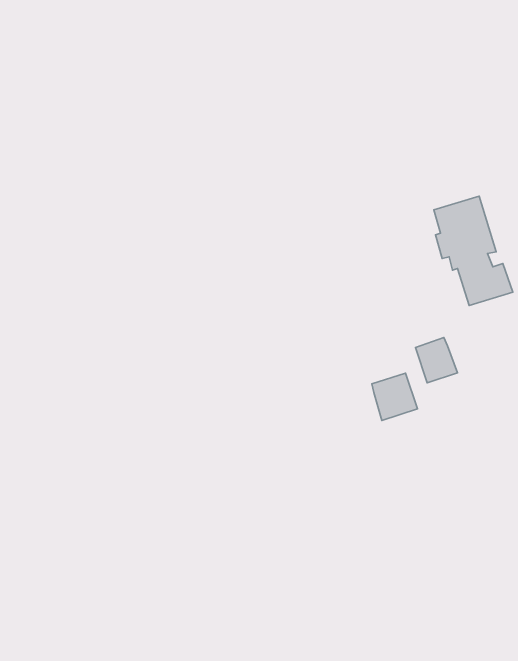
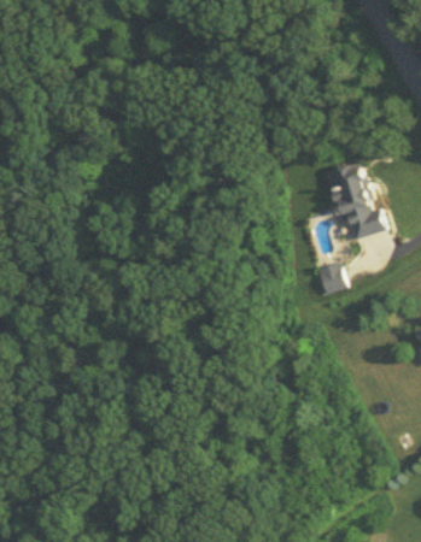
building: [372,373,417,421] -> none

